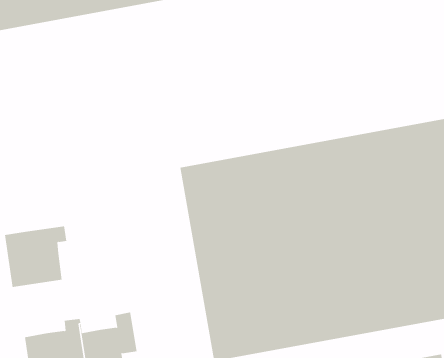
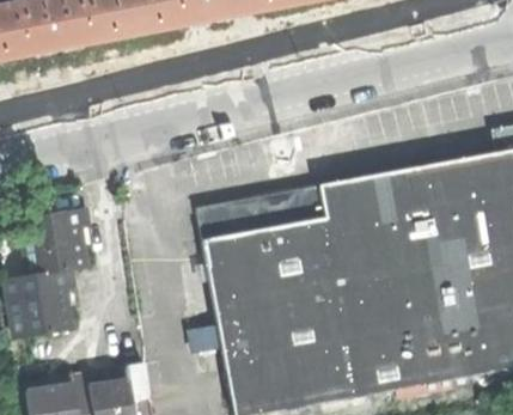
building: none -> [24,207,90,276]

